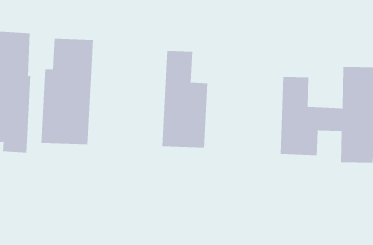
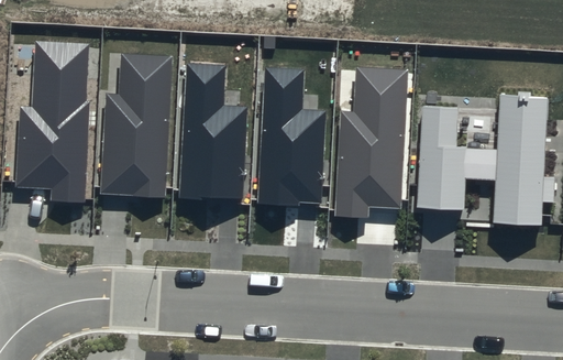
building: none -> [183,66,244,195]
building: none -> [334,68,405,210]

